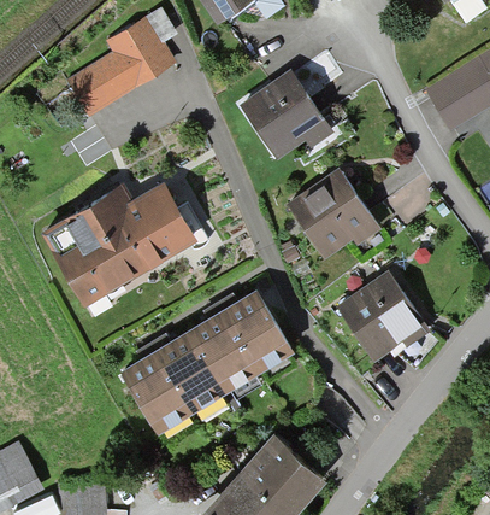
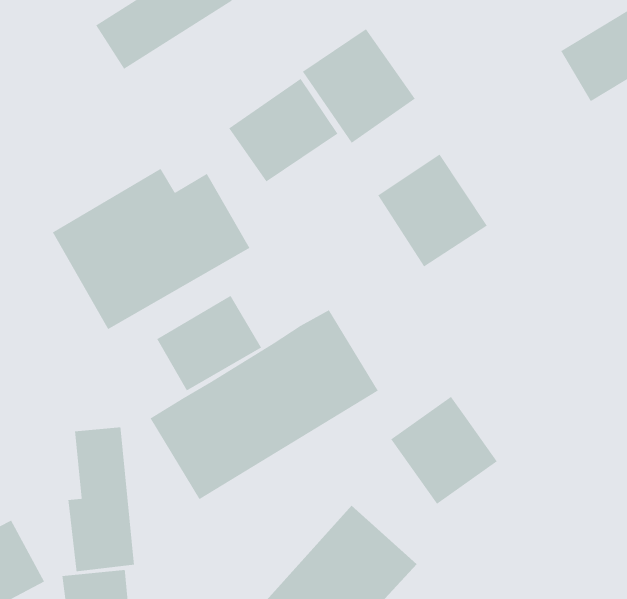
building: none -> [228,78,338,182]
building: [343,274,424,356] -> [390,396,498,505]
building: none -> [156,295,262,391]
building: none -> [68,427,135,572]

